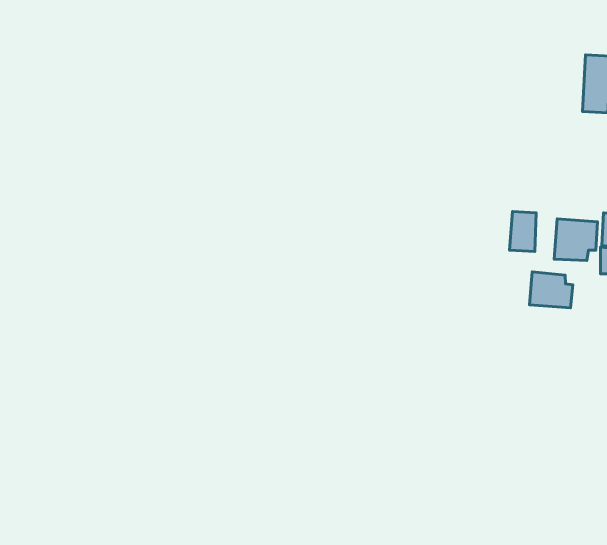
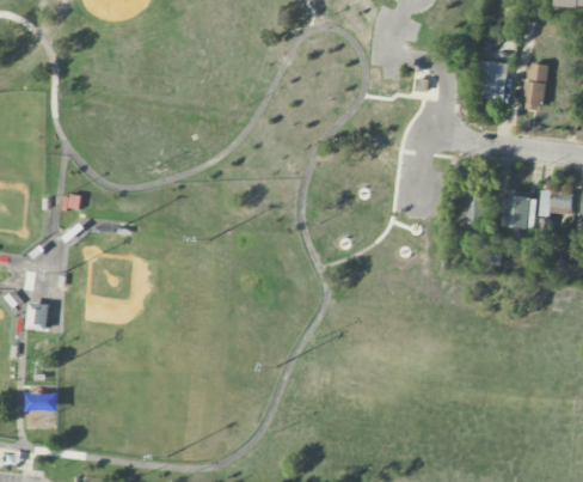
building: none -> [477,61,507,102]
building: [530,272,573,308] -> none

